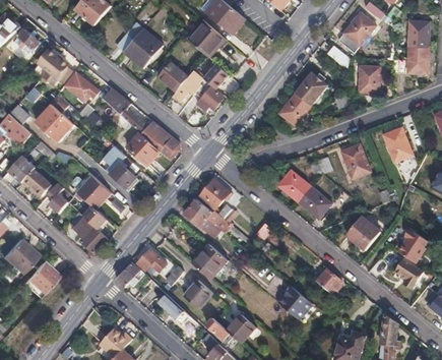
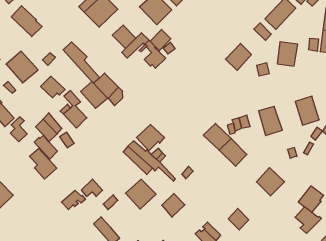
building: [69,76,99,102] -> [41,76,65,98]
building: [278,93,311,125] -> none
building: [184,281,211,309] -> [162,193,185,217]

